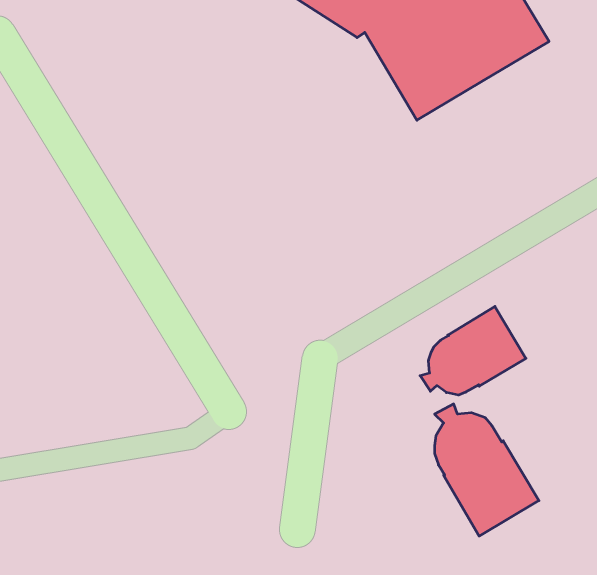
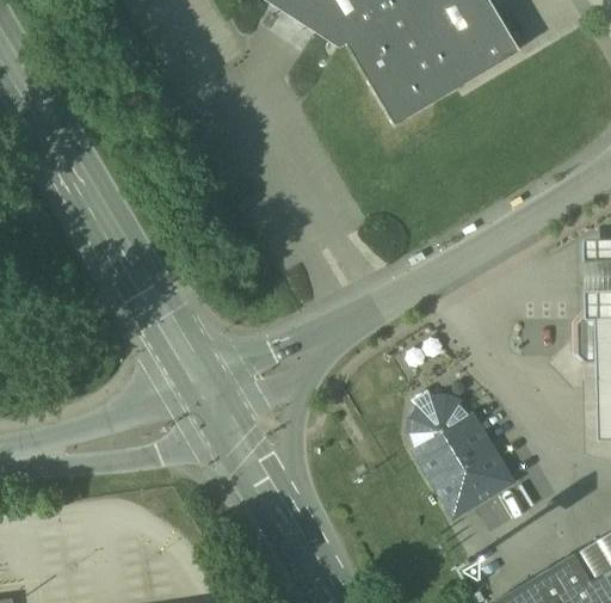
building: [420,306,526,395] -> none

